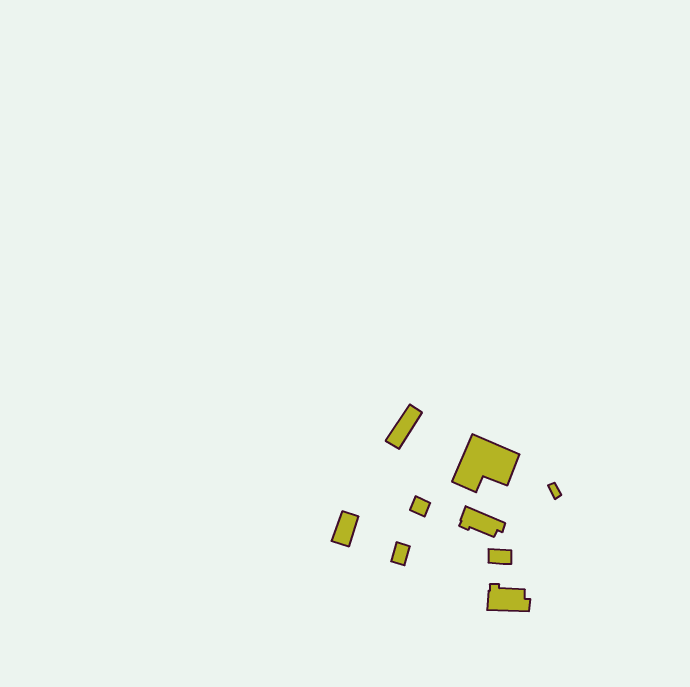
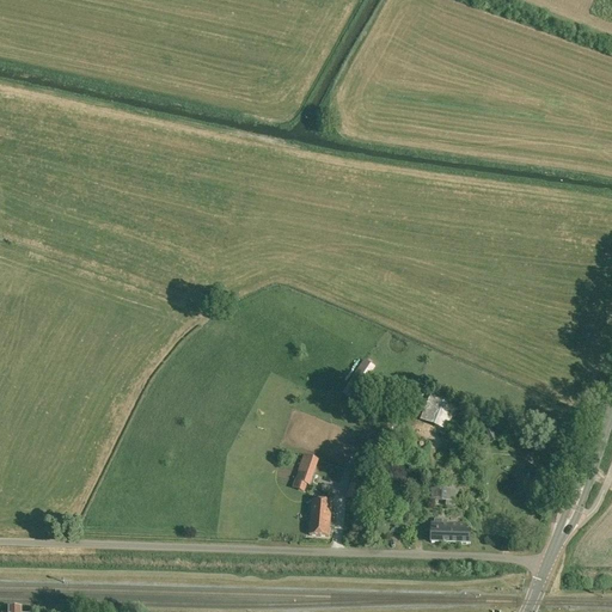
building: [459,506,505,537] -> none
building: none -> [308,497,331,534]

